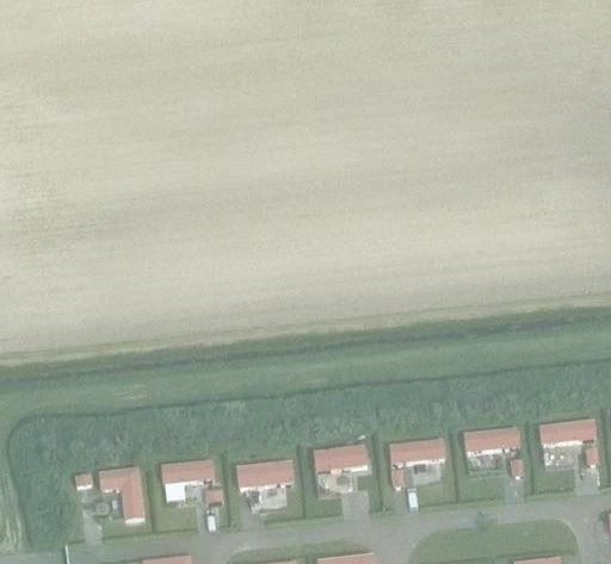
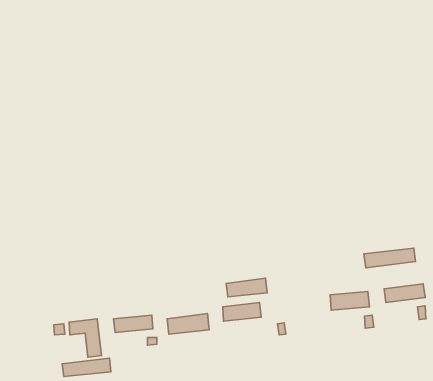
building: none -> [364,248,415,268]
building: [388,439,445,465] -> [226,278,267,297]
building: none -> [62,358,111,377]

